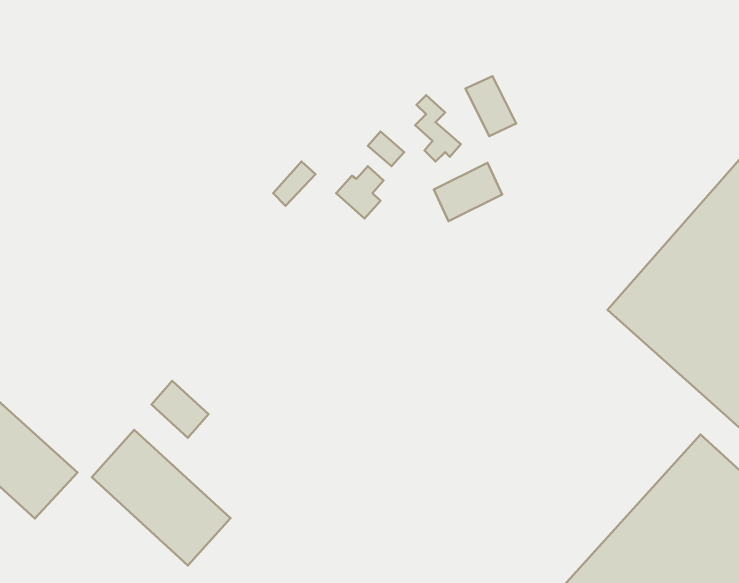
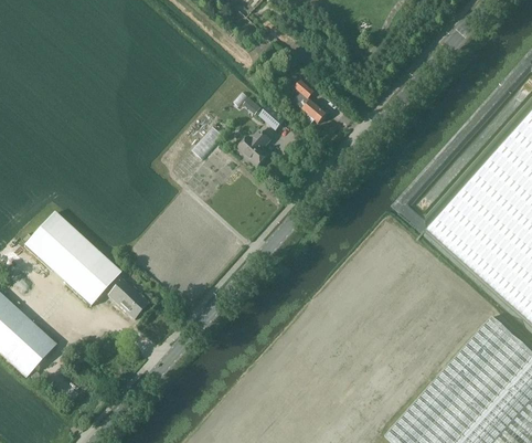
building: [466,76,516,136] -> none
building: [434,163,502,221] -> none
building: [92,430,231,565] -> [23,210,120,305]

